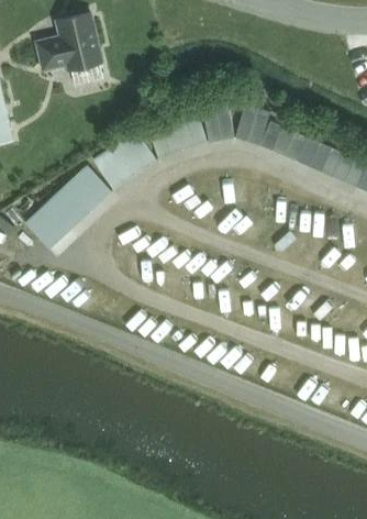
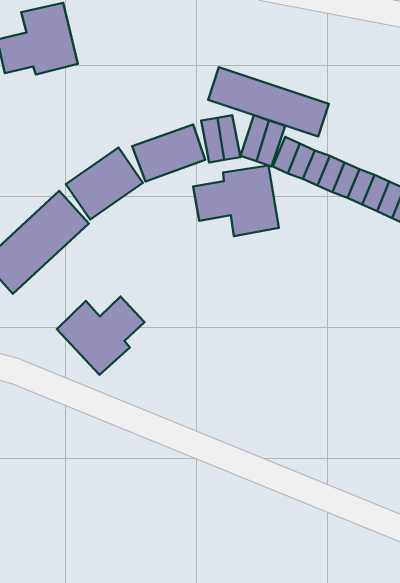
building: none -> [208,67,329,137]
building: none -> [193,165,279,236]
building: none -> [57,297,144,375]

